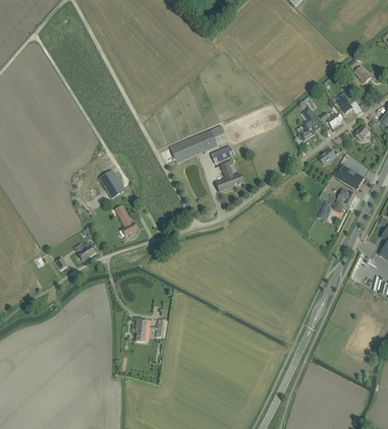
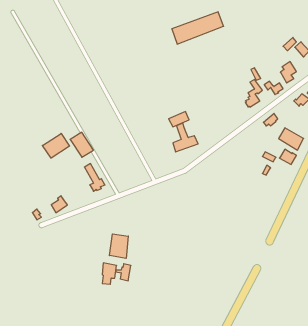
building: [168,125,227,162] -> [172,12,224,44]
building: none -> [42,133,70,158]
building: none -> [109,234,128,258]

